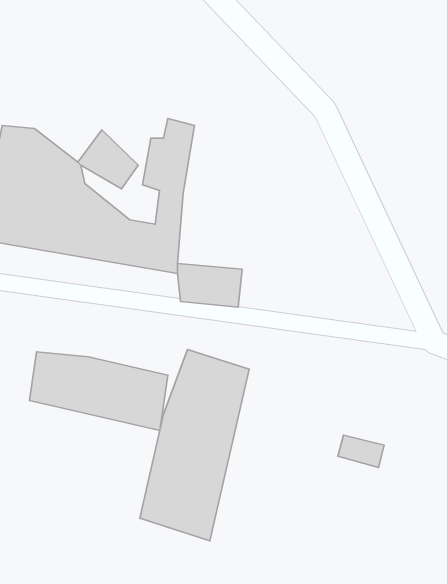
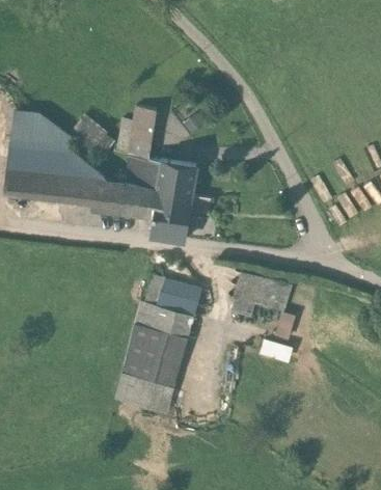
building: none -> [144,159,199,215]
building: none -> [233,272,296,339]
building: [29,352,168,431] -> none

